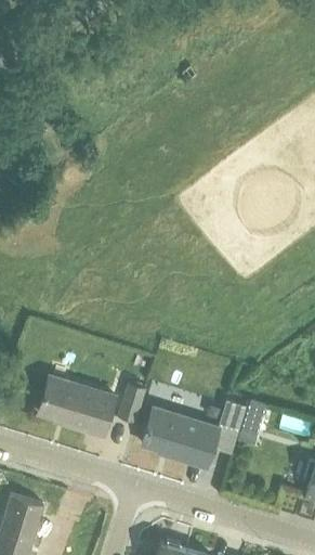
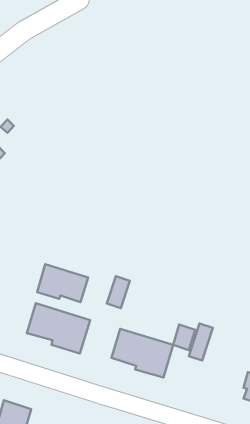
building: none -> [37,264,88,302]
building: [119,383,147,422] -> [107,276,130,308]

